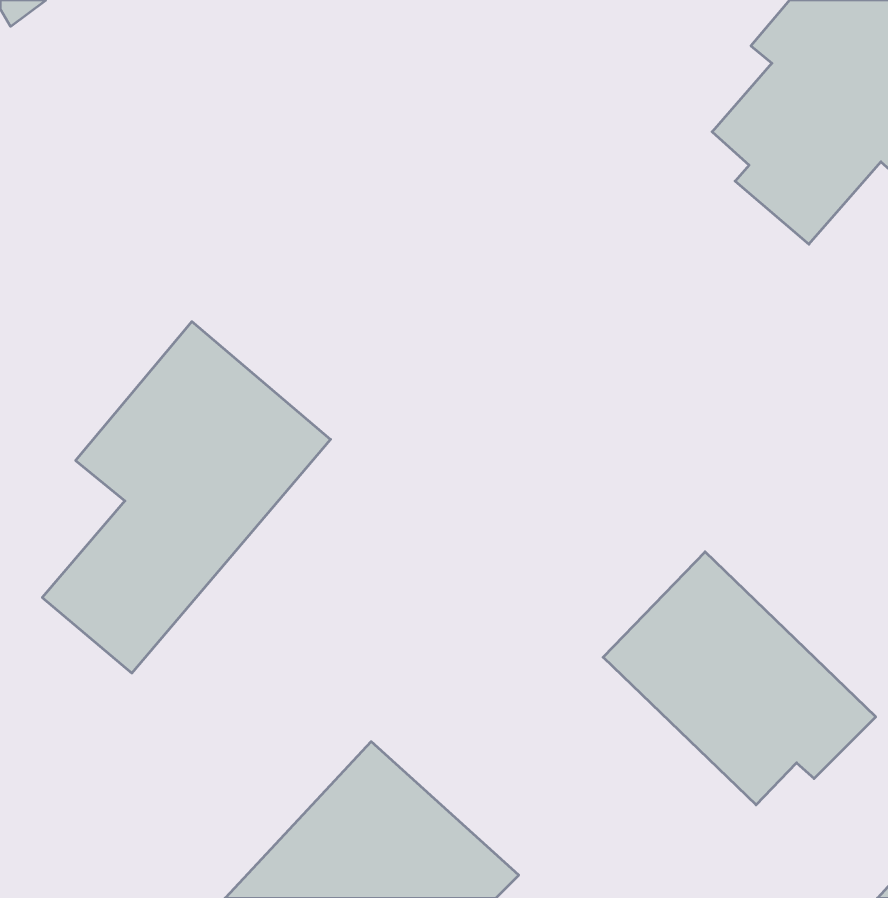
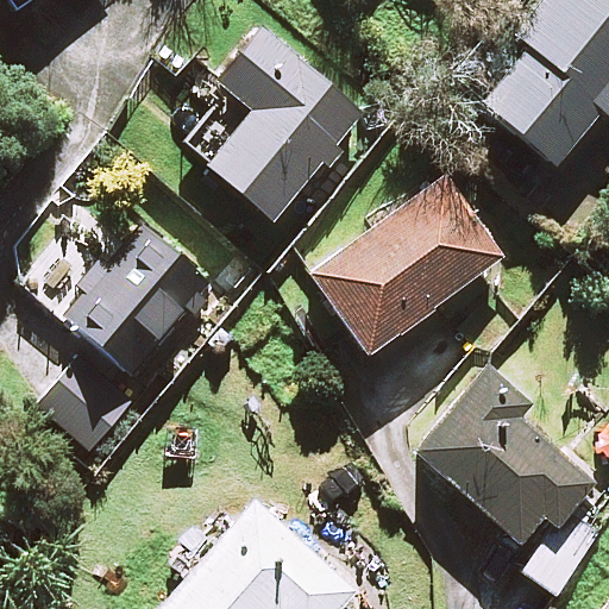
building: none -> [208,27,365,220]
building: none -> [300,175,503,354]

